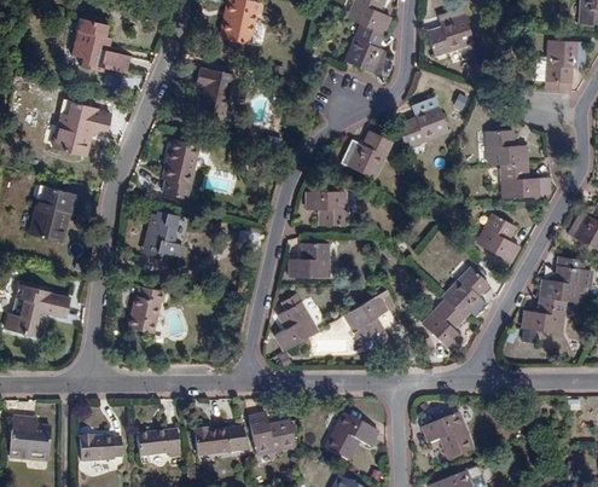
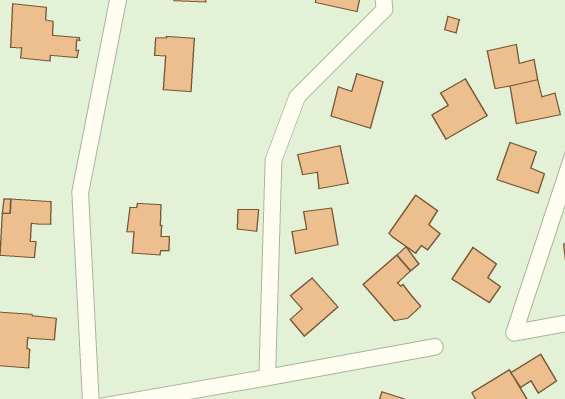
building: [400,97,448,146] -> [432,79,487,139]
building: [53,102,111,156] -> none
building: [163,139,198,198] -> none
building: [442,267,488,318] -> [389,195,440,253]
building: [127,285,167,334] -> none
building: none -> [511,354,556,393]

